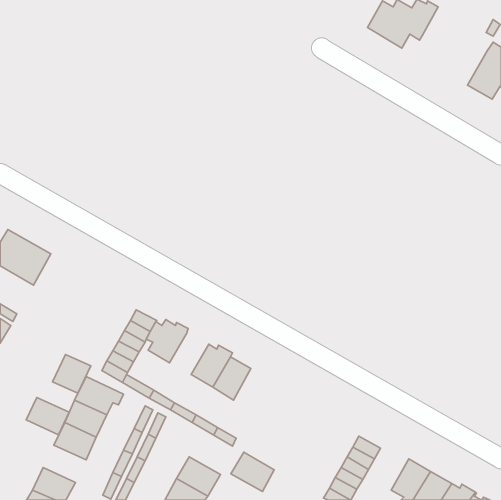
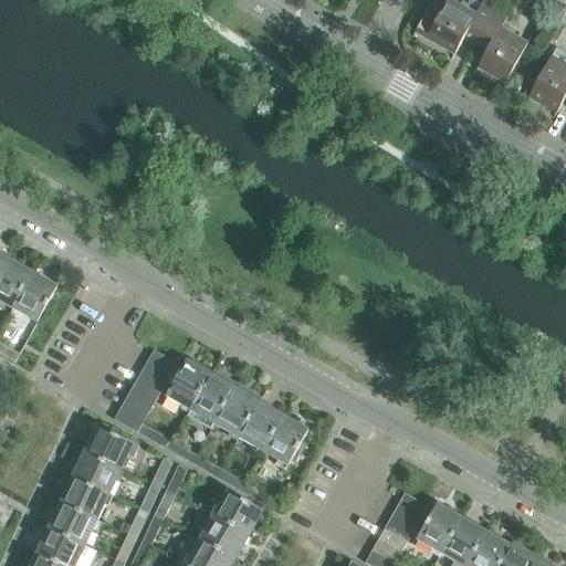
building: none -> [473,8,526,83]
building: none -> [188,375,238,429]
building: [53,354,91,393] -> none
building: none -> [263,416,308,465]
building: [26,397,69,435] -> [49,502,97,544]
building: none -> [417,503,461,553]
building: [231,452,274,491] -> [213,491,262,535]

